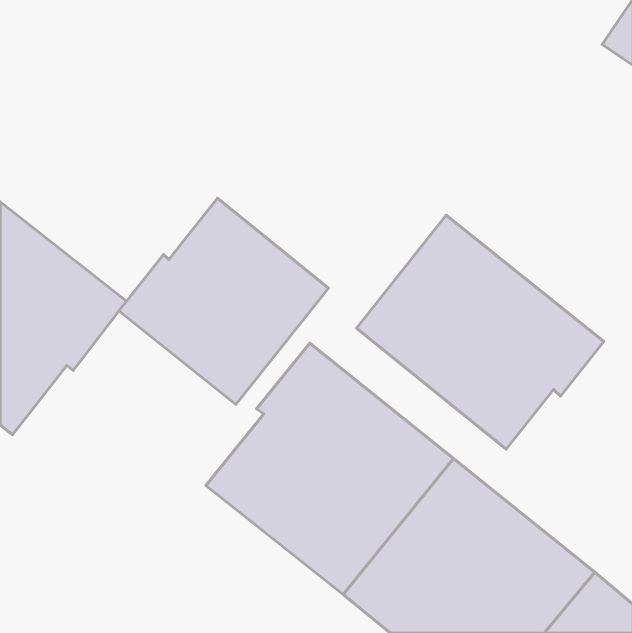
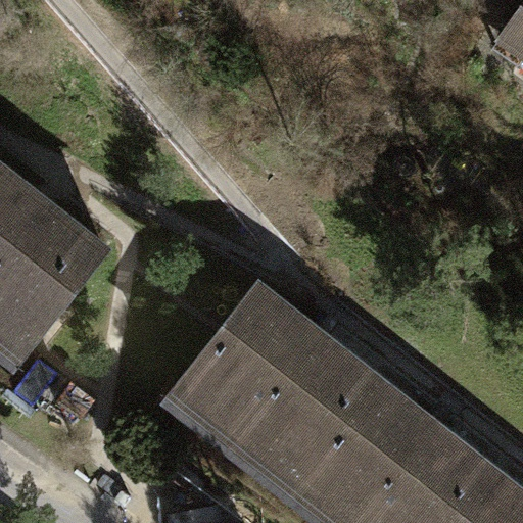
building: [119,198,328,404] -> none
building: [356,215,604,449] -> none

